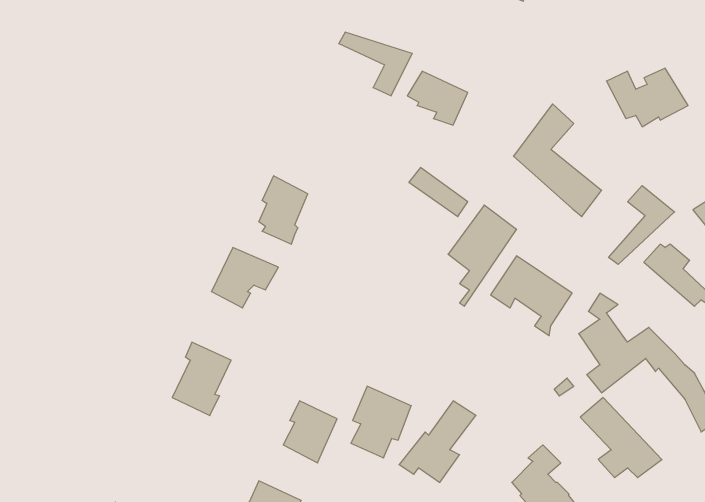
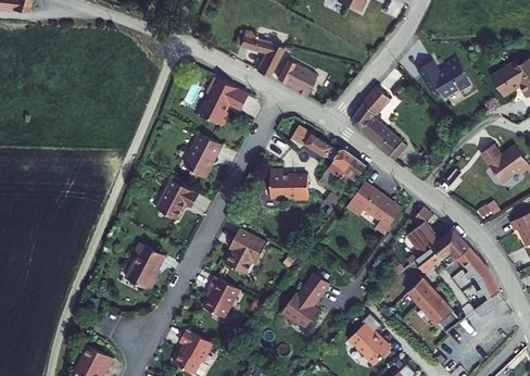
building: none -> [193,74,248,126]
building: [609,186,675,264] -> none
building: none -> [261,171,300,201]
building: [351,386,411,458] -> [223,229,263,277]

